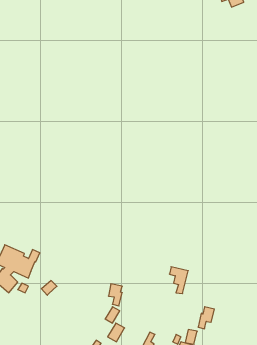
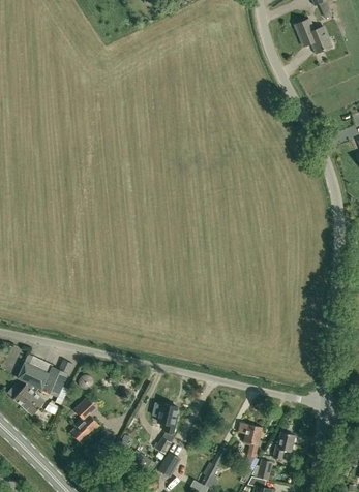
building: [169,267,188,294] -> [238,423,262,457]
building: none -> [70,416,99,442]

